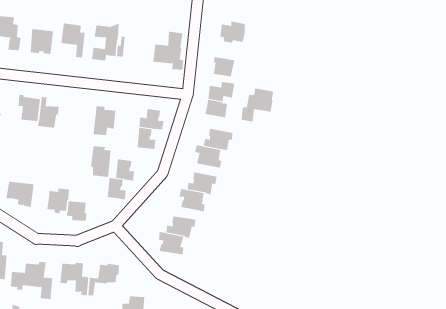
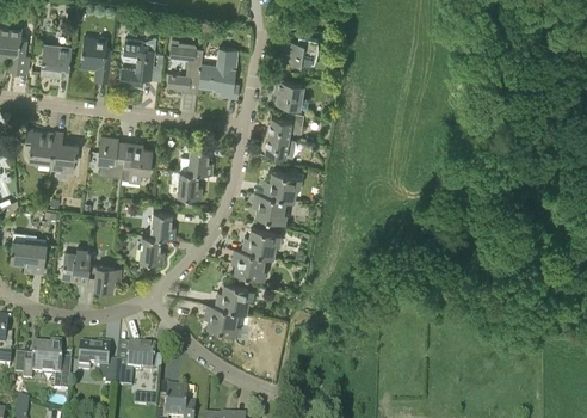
building: none -> [167,41,203,91]
building: [241,88,274,123] -> none
building: [90,146,112,177] -> [98,135,125,176]

